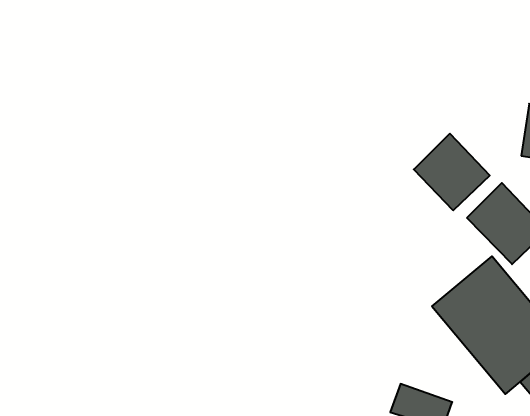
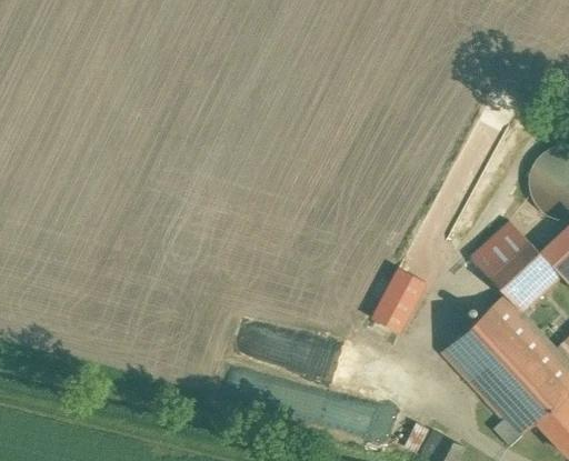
building: [414,134,490,210] -> none
building: none -> [375,272,427,333]

